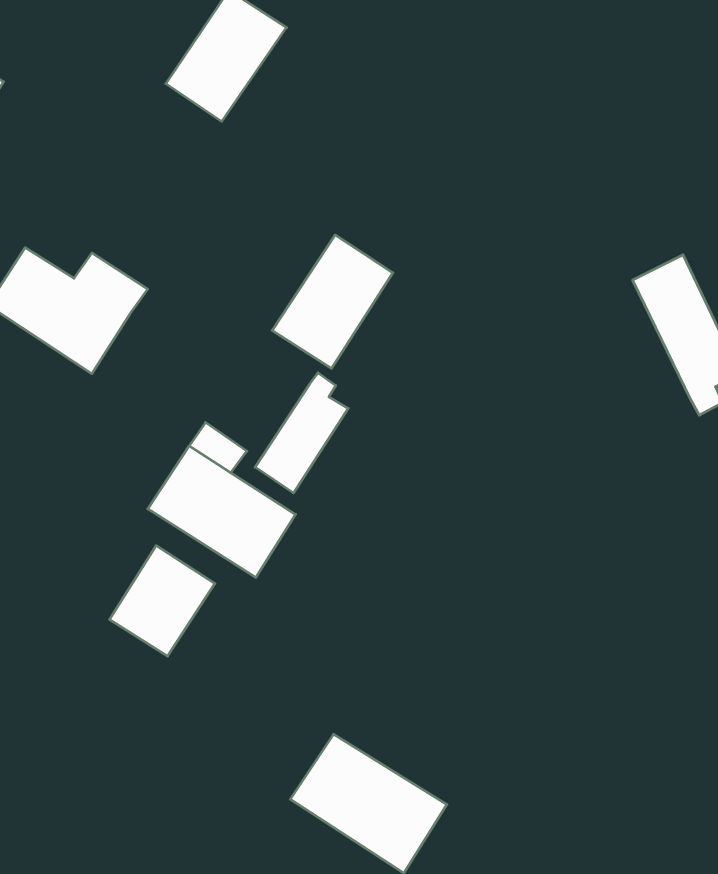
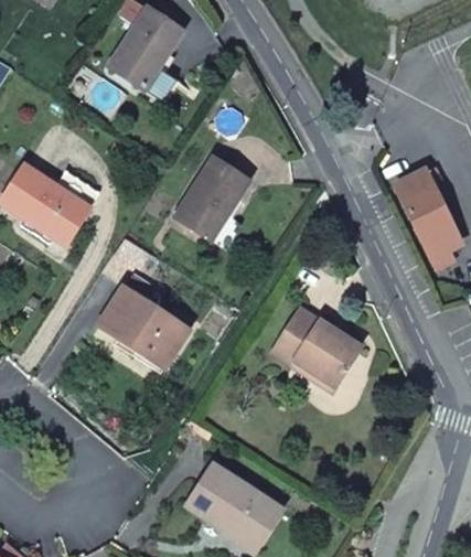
building: [255,373,348,493] -> none
building: none -> [272,307,360,384]
building: [110,546,215,656] -> none

